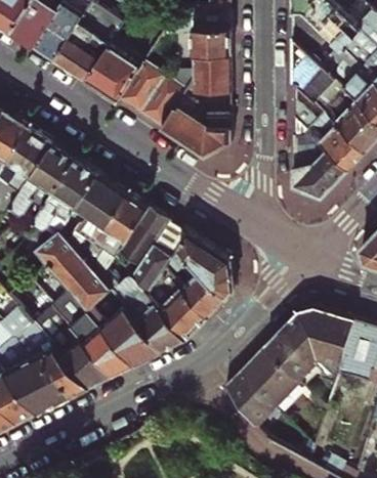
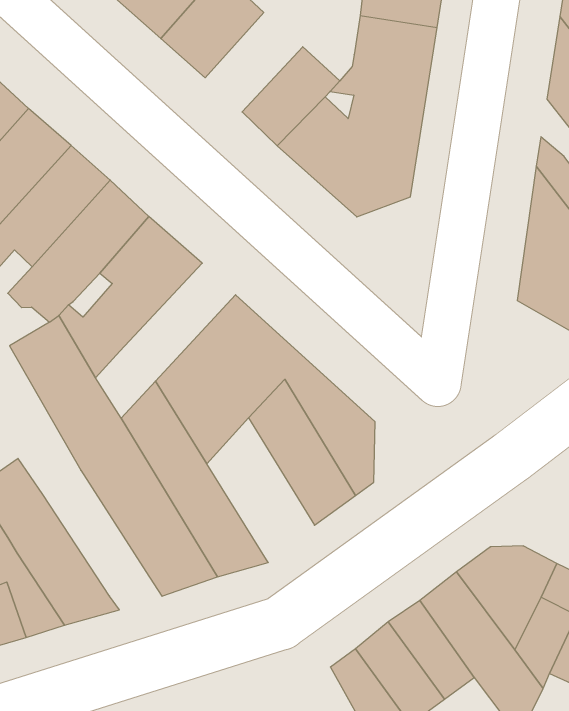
building: [116,61,163,114] -> none
building: [84,193,149,278] -> none
building: [148,268,207,340] -> none
building: [67,308,125,370] -> none

